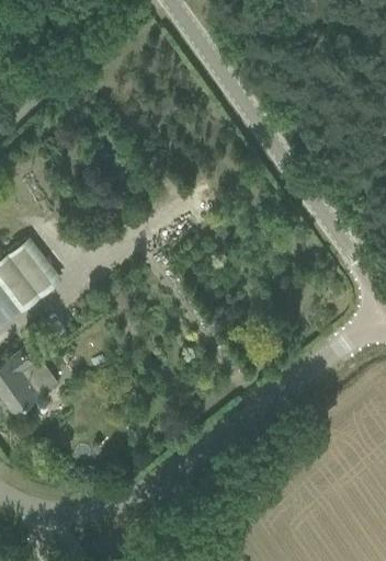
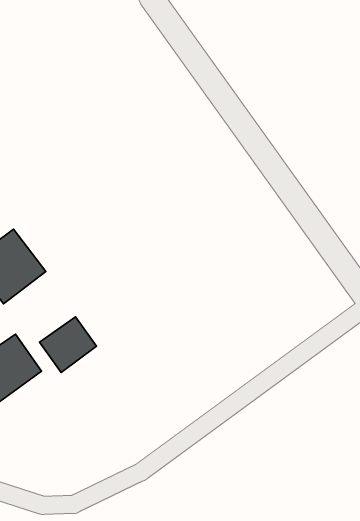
building: none -> [39,317,96,372]

